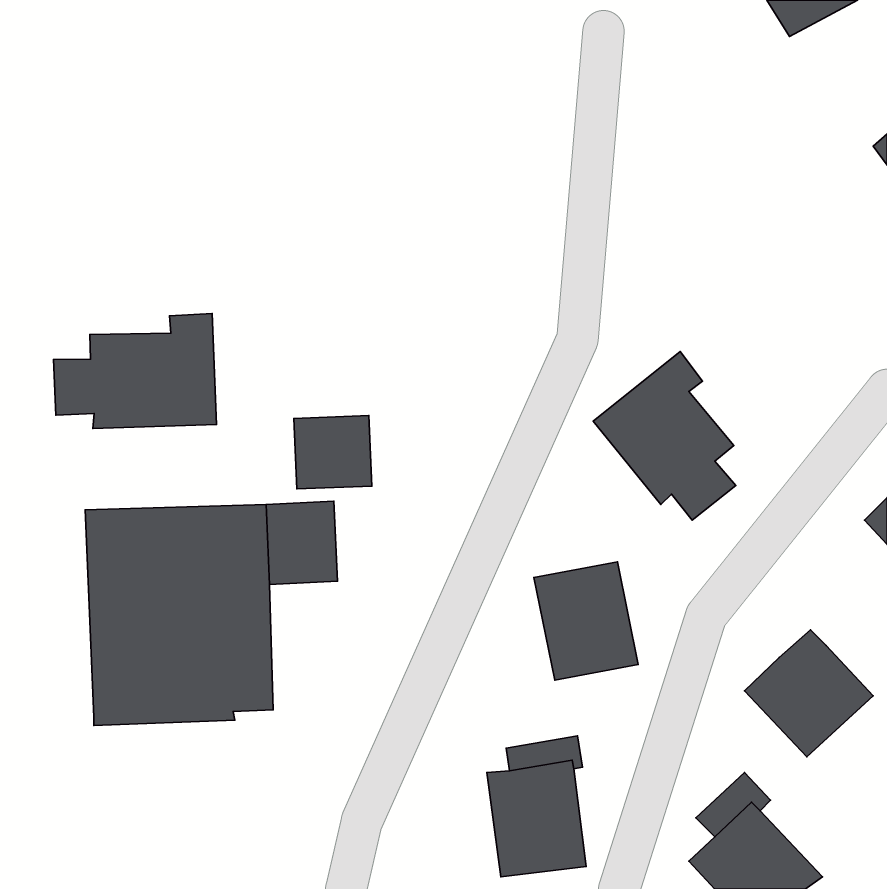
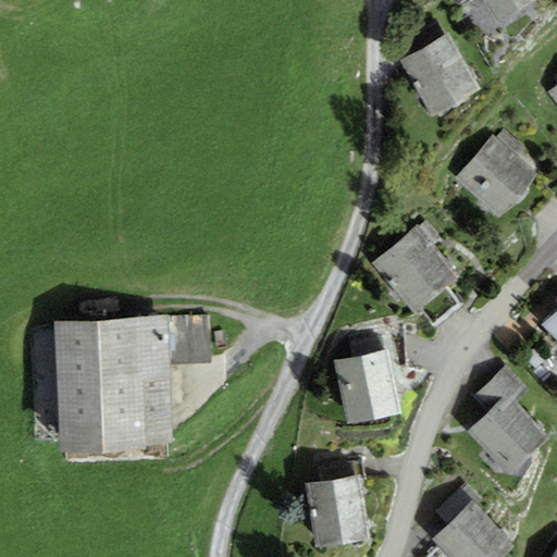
building: none -> [398,34,480,119]
building: none -> [455,129,536,218]
building: [54,313,216,428] -> none
building: [294,416,372,489] -> none
building: none -> [474,367,529,411]

